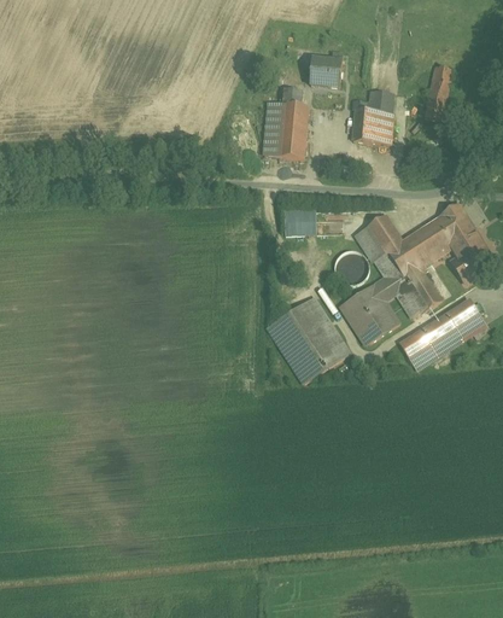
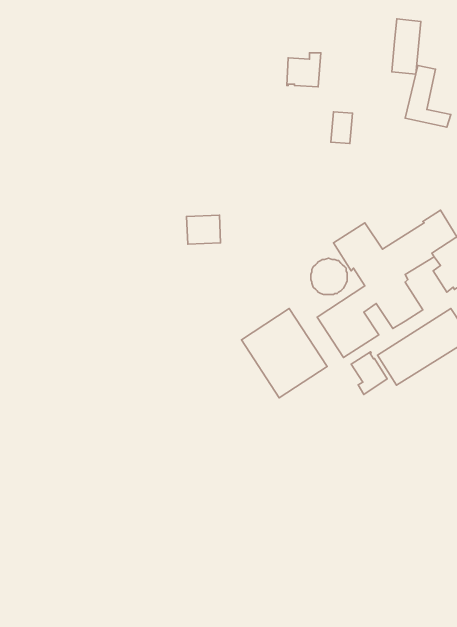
building: [370,88,398,141] -> [392,19,421,74]
building: [261,100,308,157] -> none
building: [282,208,315,235] -> [187,215,221,244]
building: none -> [351,352,387,395]

